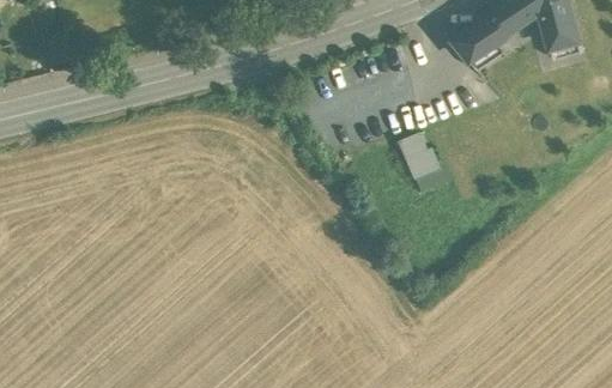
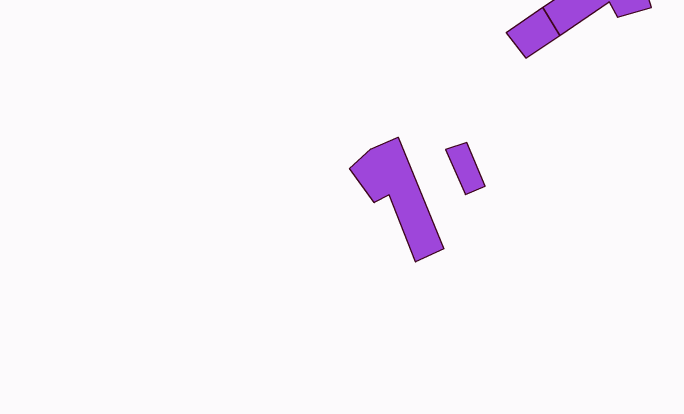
building: [545,19,581,53] -> none
building: none -> [350,137,444,262]

